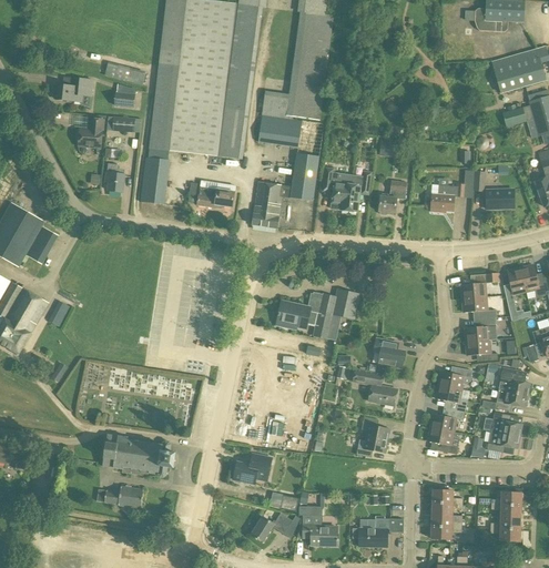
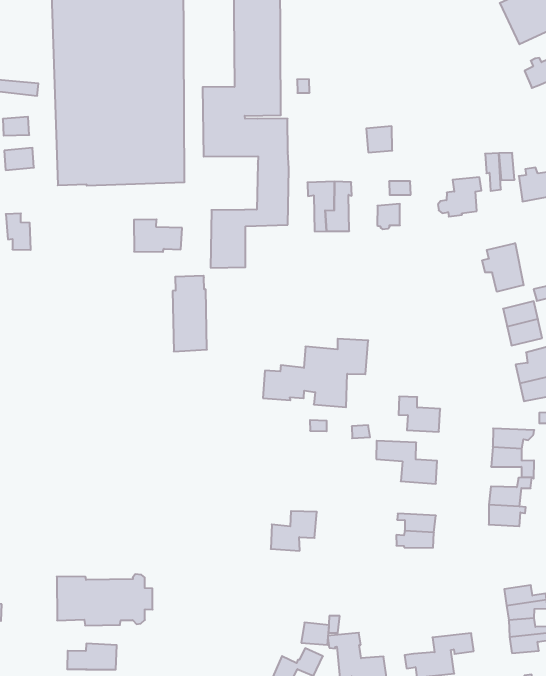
building: [140,148,170,204] -> [173,276,207,351]
building: none -> [482,243,524,292]
building: [234,454,272,484] -> [271,511,317,551]

